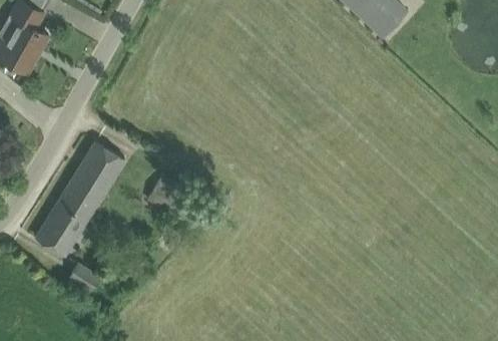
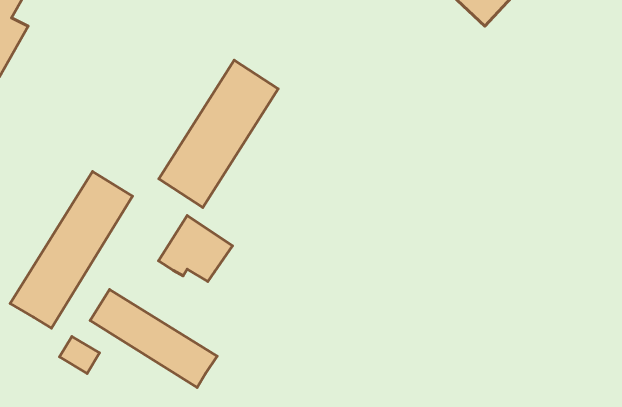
building: none -> [159,60,278,207]
building: none -> [90,290,217,387]

